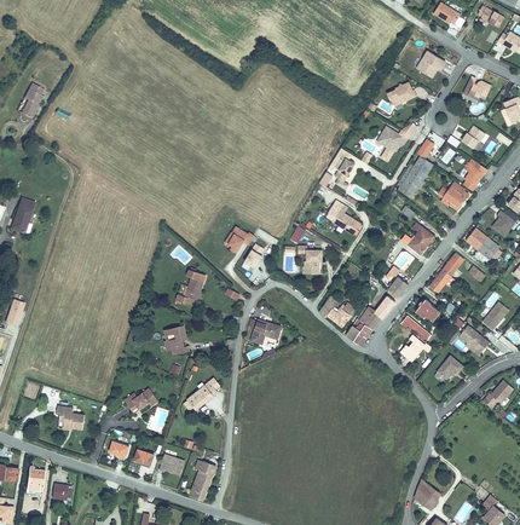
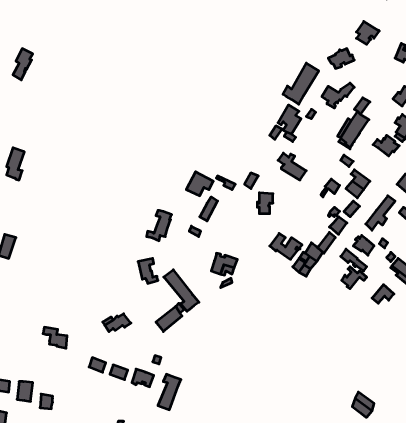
building: none -> [283,63,319,104]
building: none -> [164,270,199,311]

